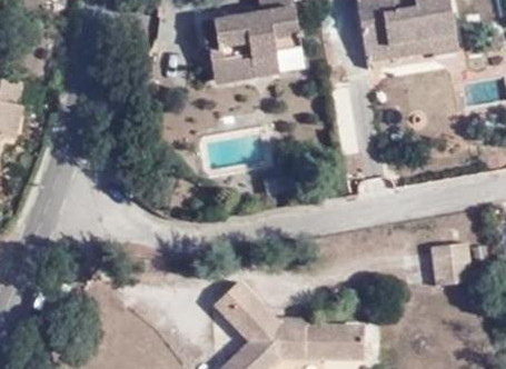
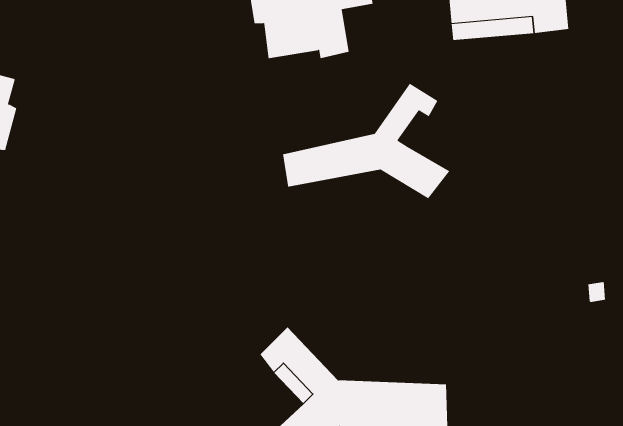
building: none -> [283,83,450,199]
building: [426,243,466,285] -> none

